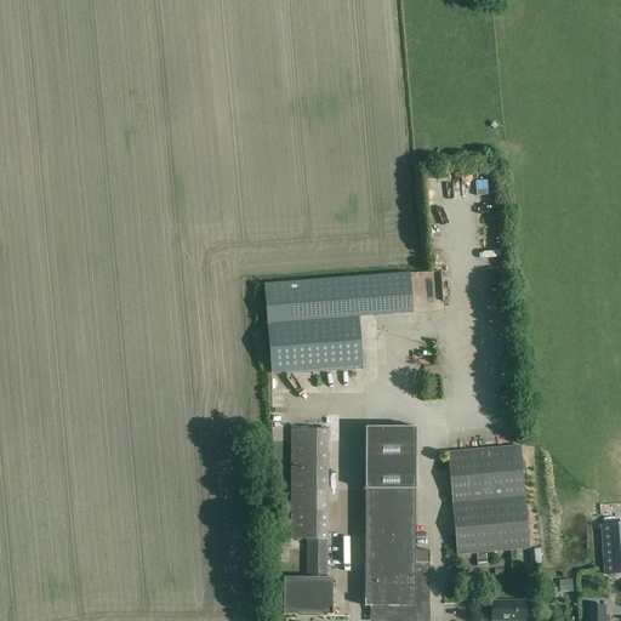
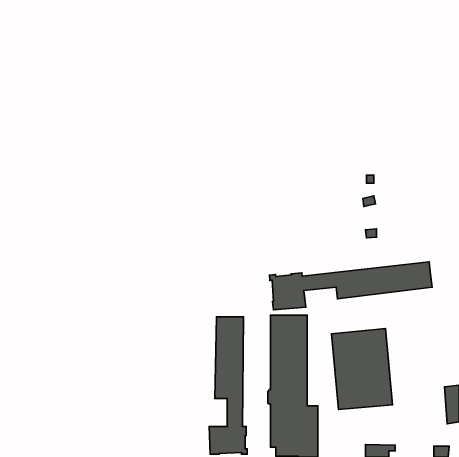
building: [264,270,414,372] -> none
building: none -> [269,262,432,310]

